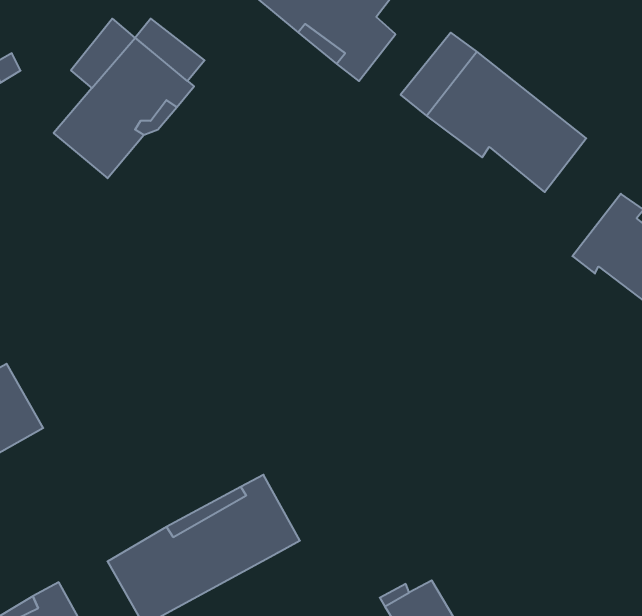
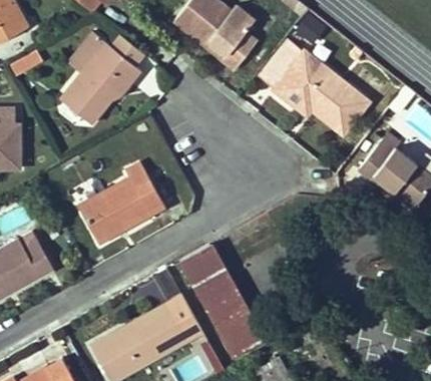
building: none -> [77,160,164,243]
building: none -> [179,245,263,358]

